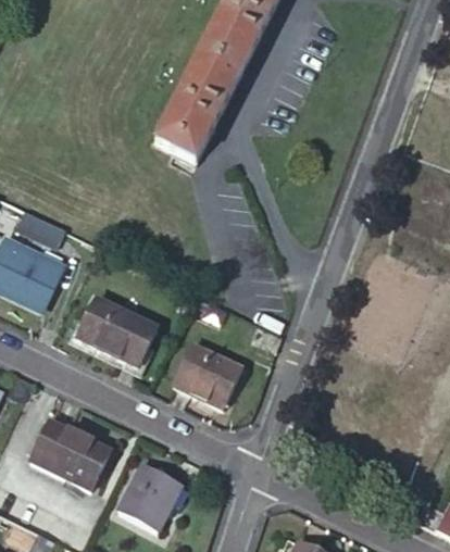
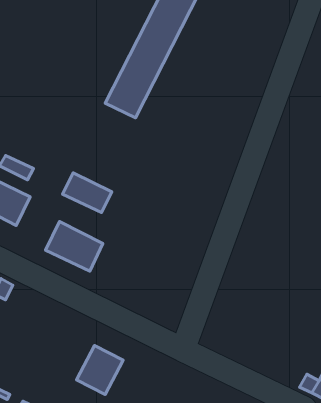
building: none -> [63,173,112,212]
building: [173,347,237,405] -> none
building: [33,421,110,487] -> none

